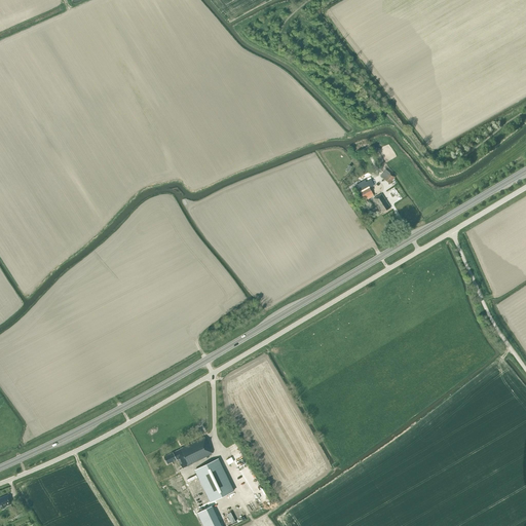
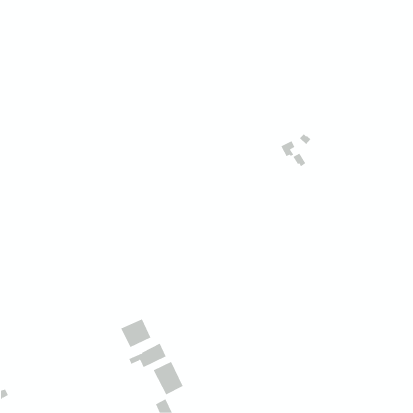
building: none -> [120,319,151,348]

